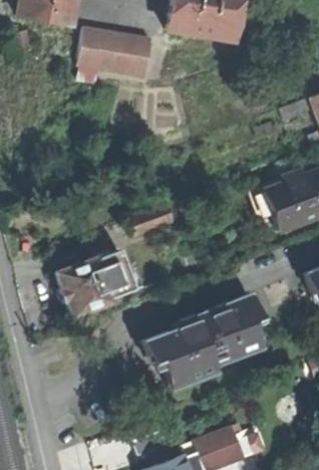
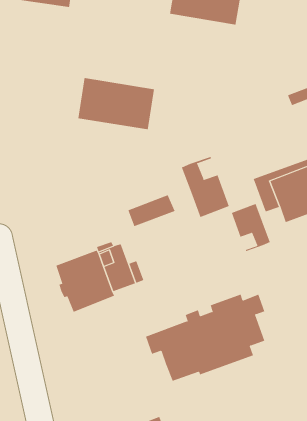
building: [79,28,153,78] -> [78,78,155,130]
building: none -> [181,156,230,218]
building: none -> [231,203,270,252]

